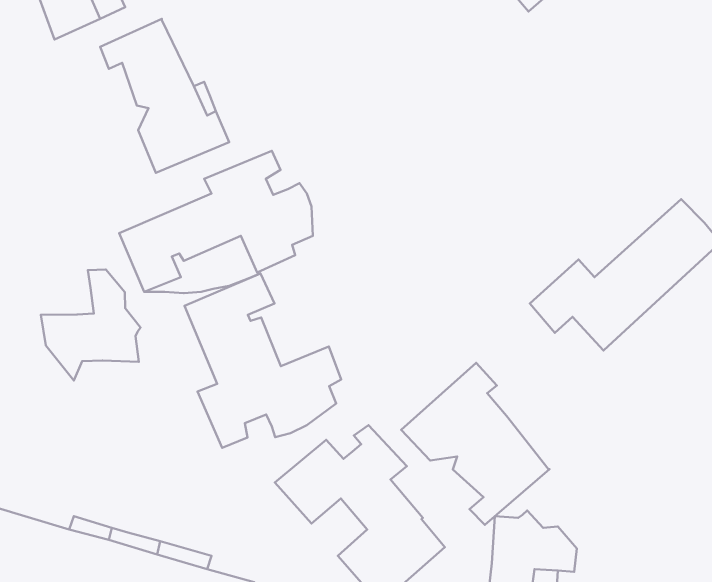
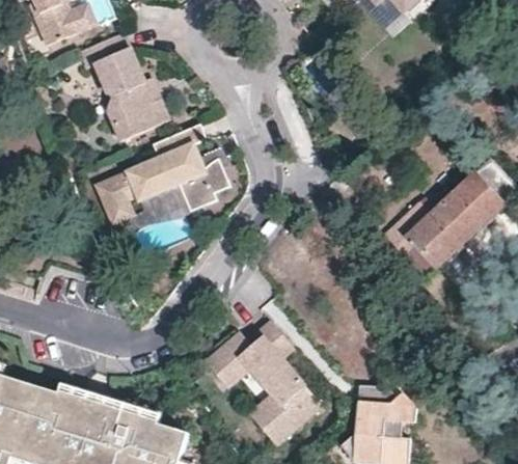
building: [41,269,140,381] -> none
building: [184,273,341,448] -> none
building: [401,363,550,525] -> none

